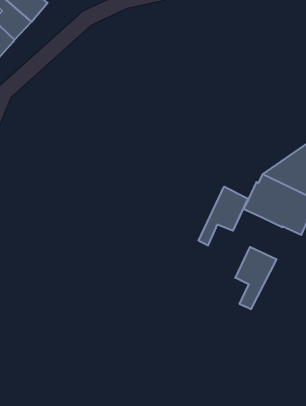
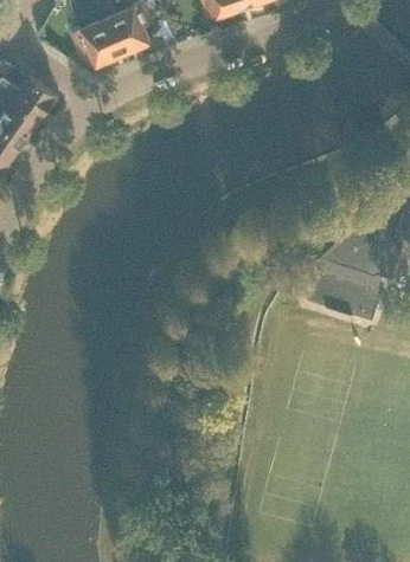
building: [199,187,248,246] -> none
building: [235,247,276,309] -> none

